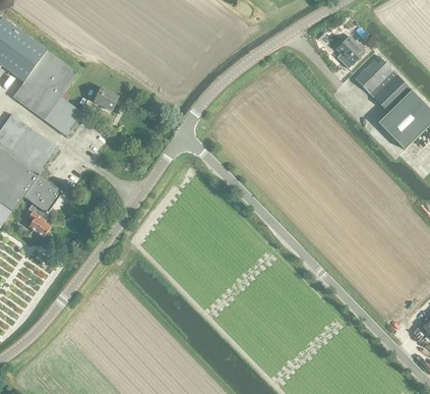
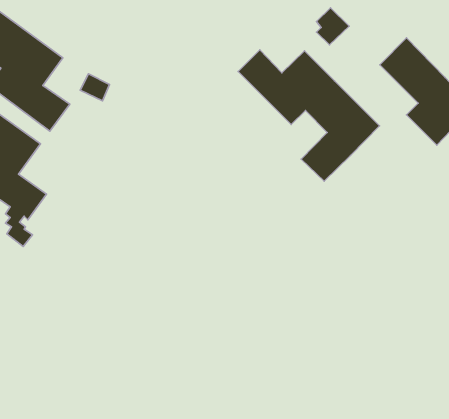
building: [335,36,364,68] -> [317,8,349,45]
building: none -> [238,50,380,181]

